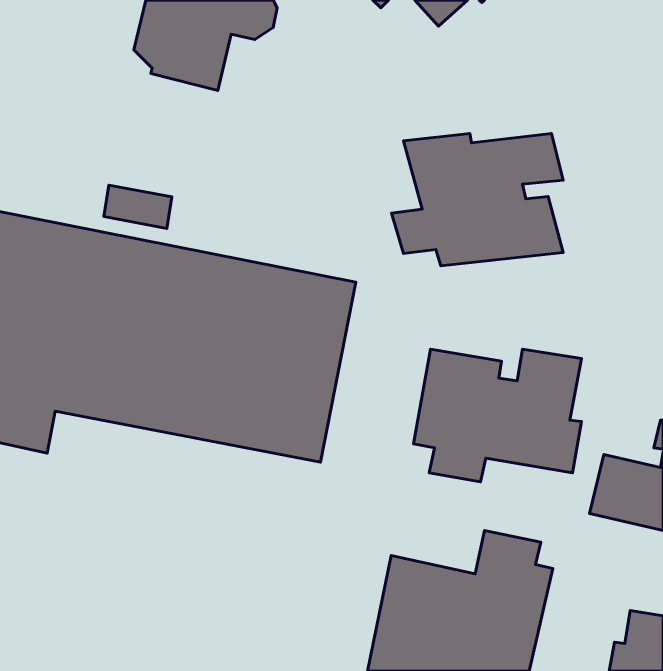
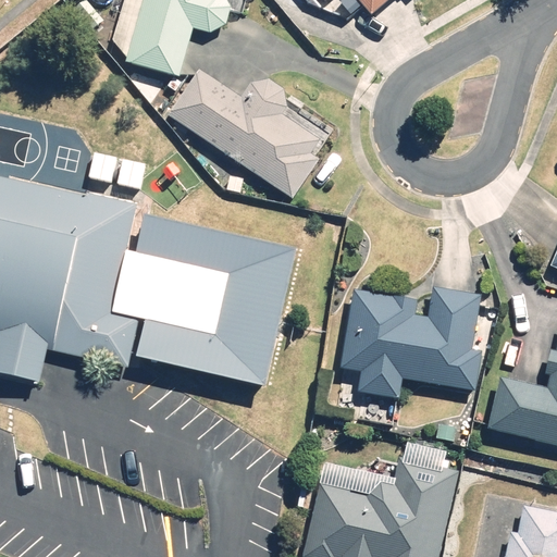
building: none -> [166,69,331,199]
building: [392,134,563,266] -> none

